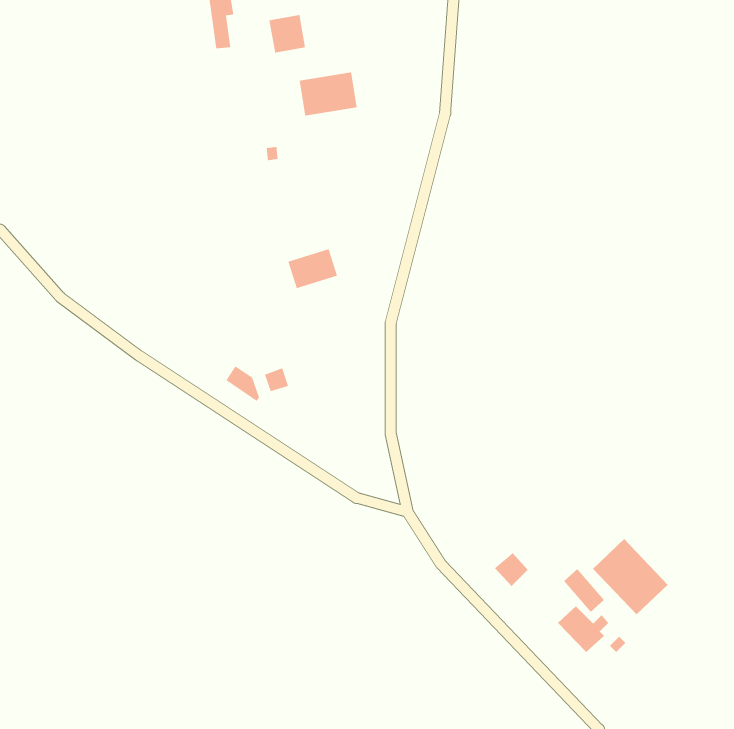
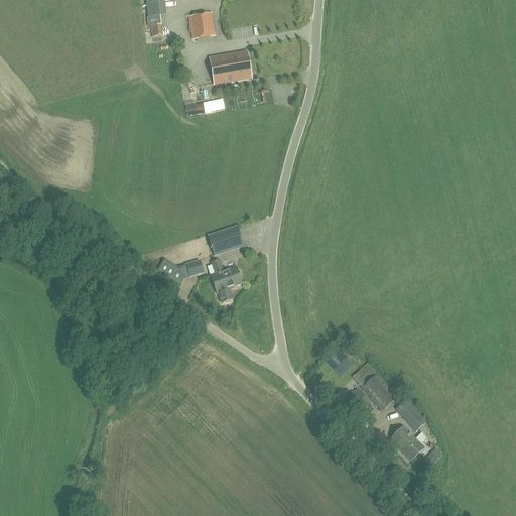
building: [287,249,338,289] -> [208,225,243,253]
building: none -> [211,258,242,301]
building: none -> [362,374,397,409]
building: [592,538,669,615] -> none

